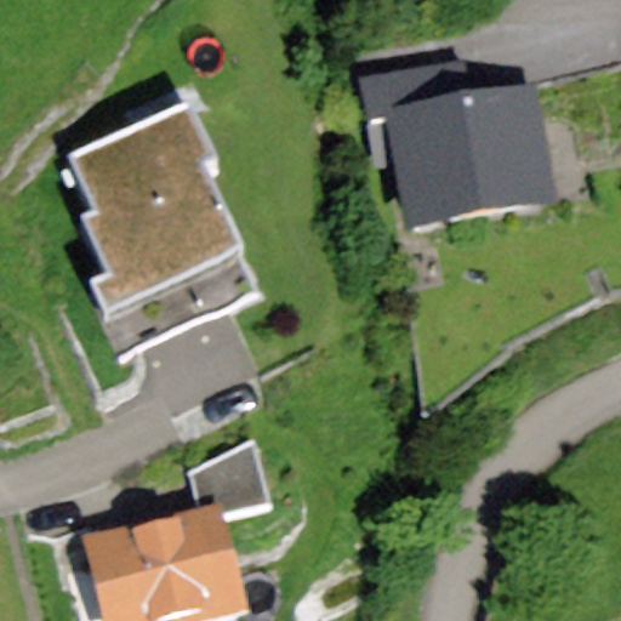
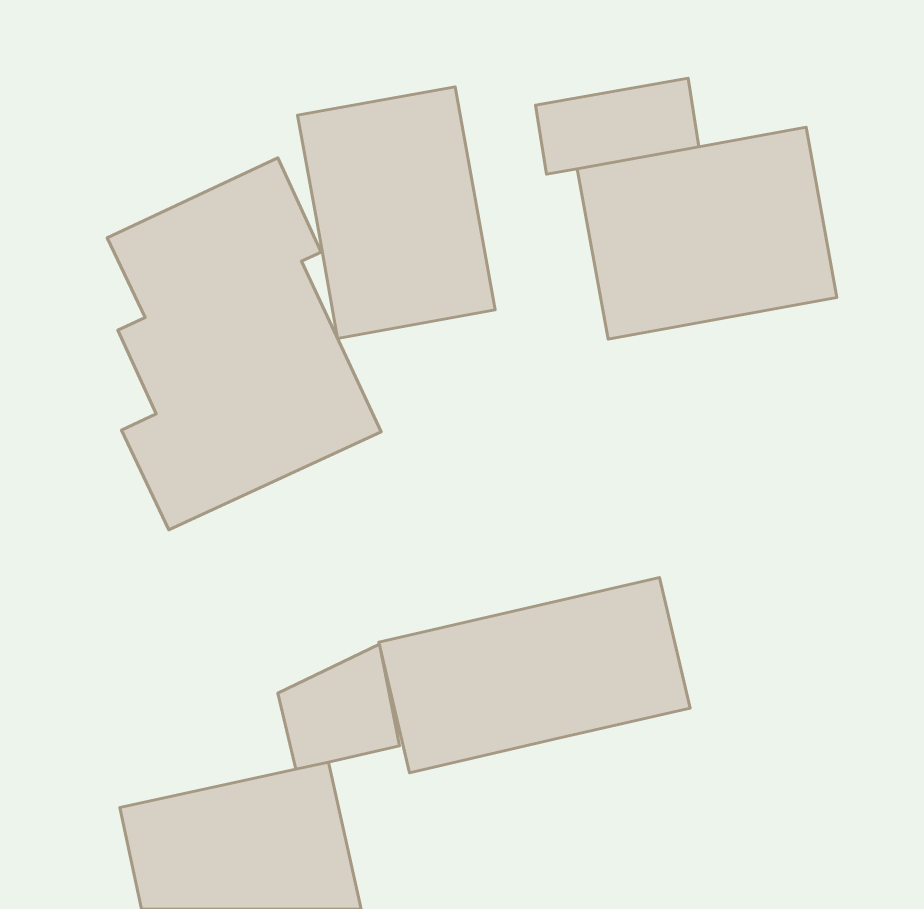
building: none -> [298,87,495,338]
building: none -> [379,577,690,773]

